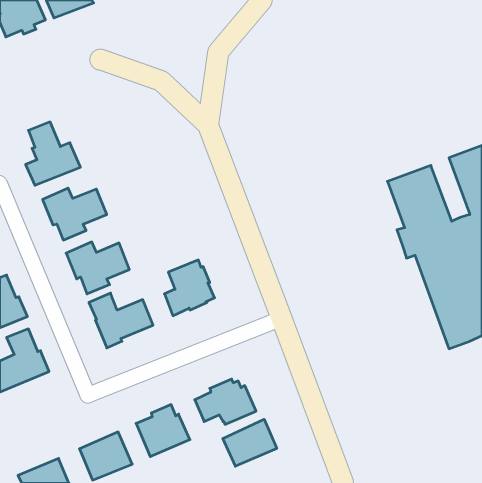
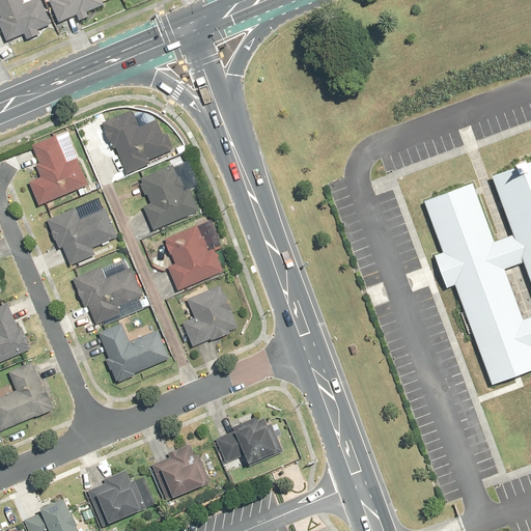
building: none -> [102,110,172,171]
building: none -> [138,165,196,230]
building: none -> [163,225,221,290]
building: [223,419,277,466] -> none

